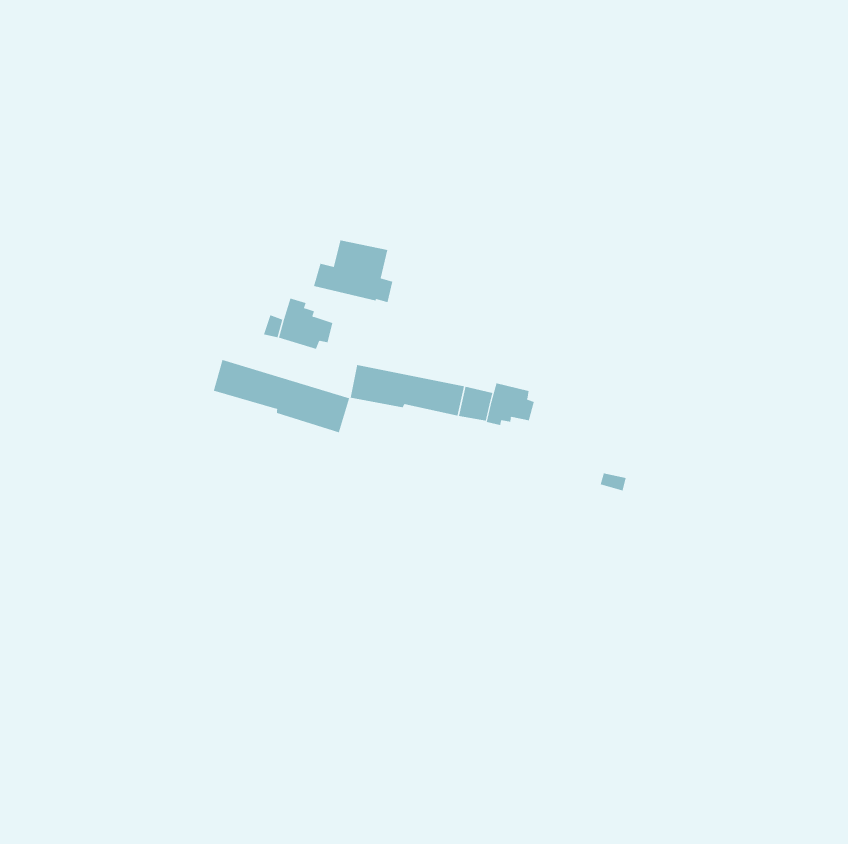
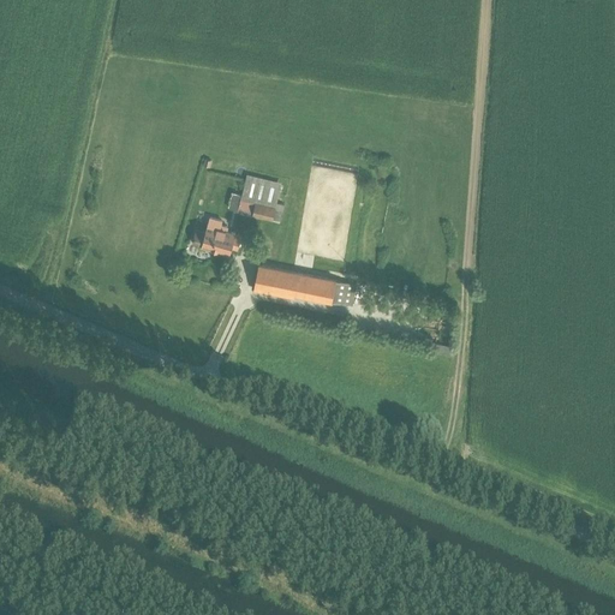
building: [213,359,350,433] -> none
building: [486,383,535,426] -> none

